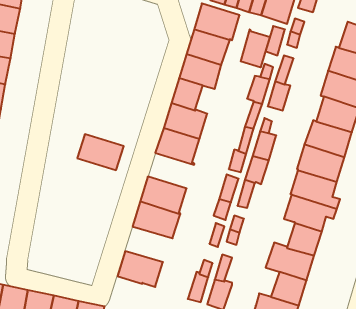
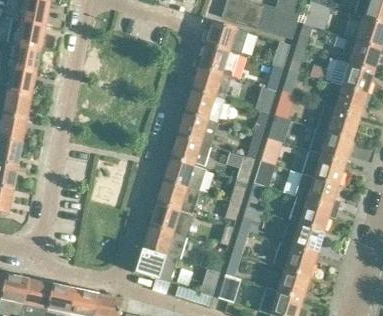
building: [241,29,270,67] -> none
building: [77,134,124,170] -> [163,158,206,191]
building: none -> [142,226,186,259]

